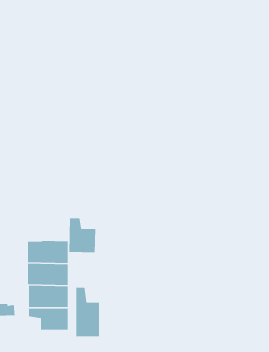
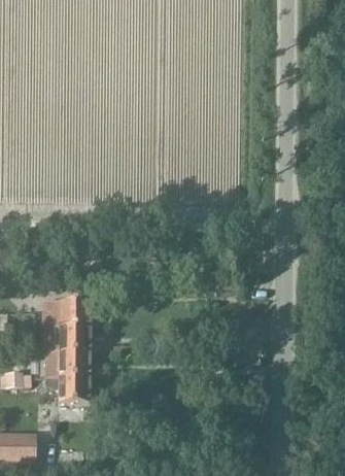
building: [68,218,96,253] -> none
building: [76,287,100,337] -> none

